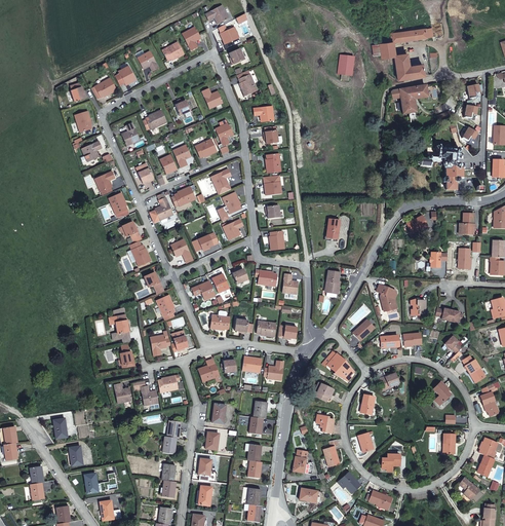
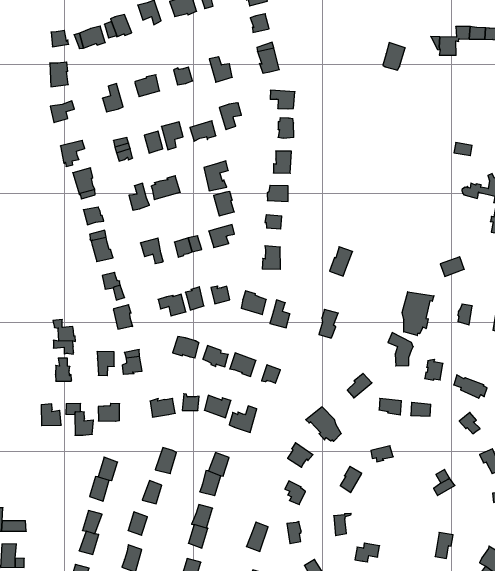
building: [394,53,424,79] -> none
building: [391,85,427,114] -> none
building: none -> [402,292,434,336]

